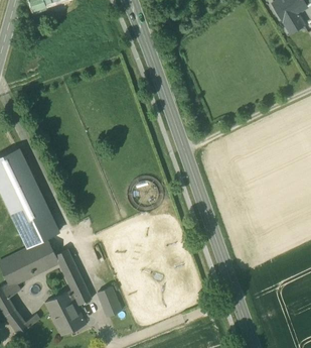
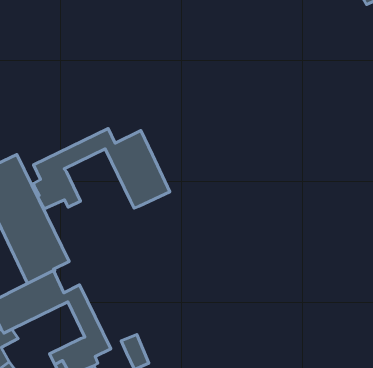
building: none -> [33,129,170,209]

